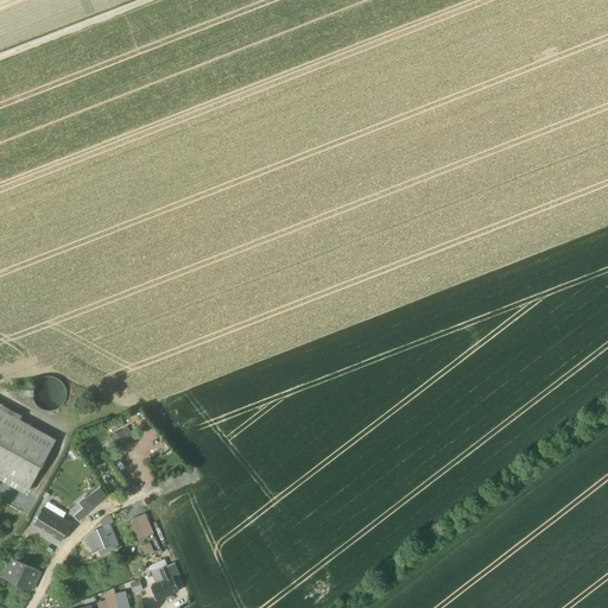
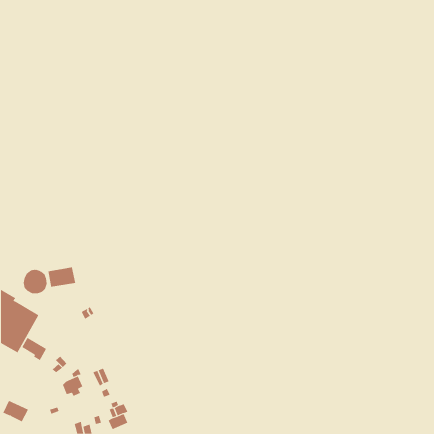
building: none -> [48,266,76,288]
building: [36,508,71,542] -> [21,337,47,361]

